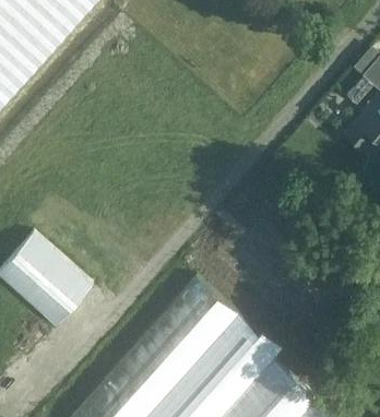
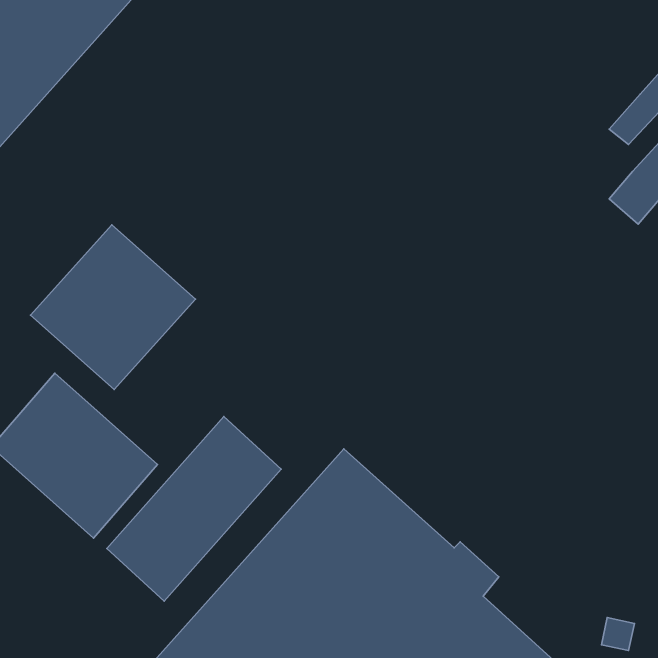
building: none -> [31,225,195,389]
building: none -> [107,417,281,601]

